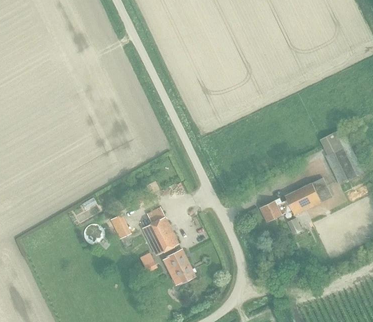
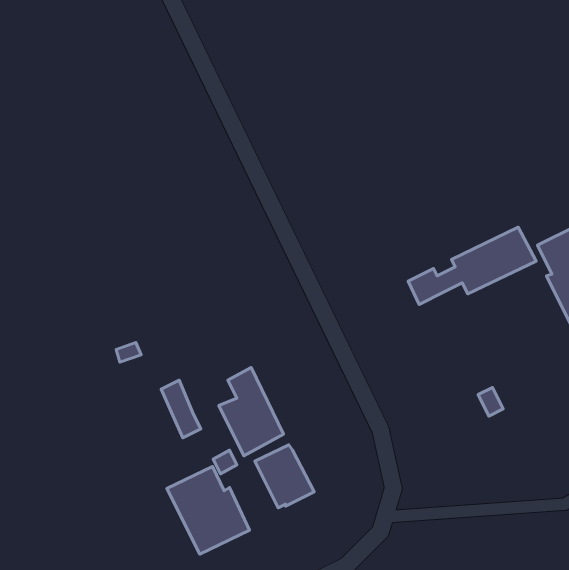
building: [260,178,331,221] -> [408,227,536,304]
building: none -> [167,466,250,554]

